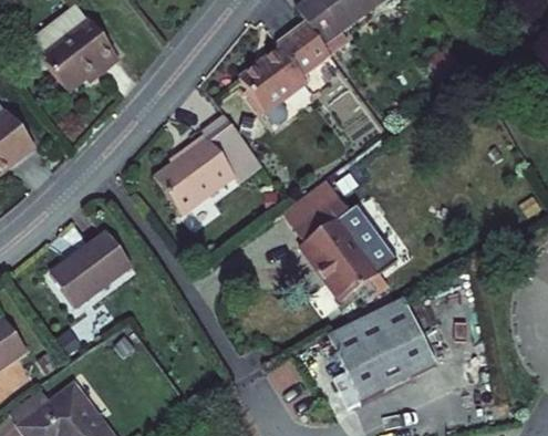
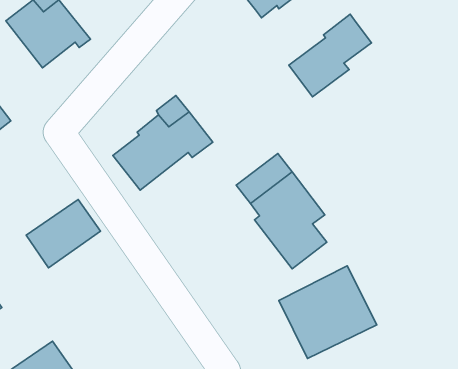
building: [235,25,324,115] -> [289,14,372,97]

